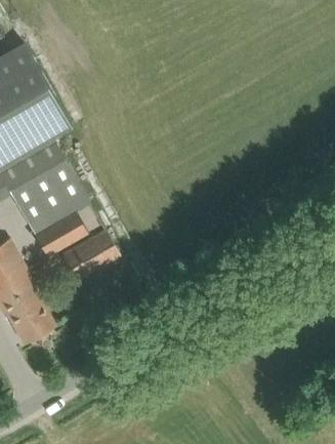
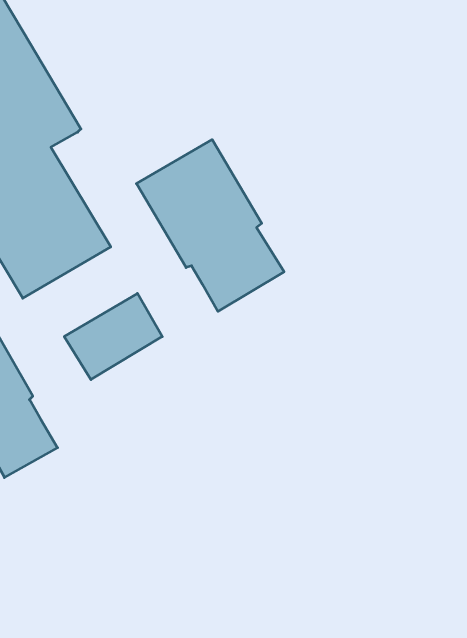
building: none -> [136,140,284,311]
building: [35,209,88,256] -> none

